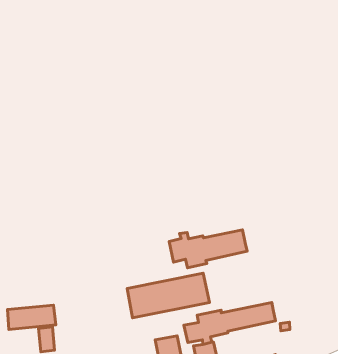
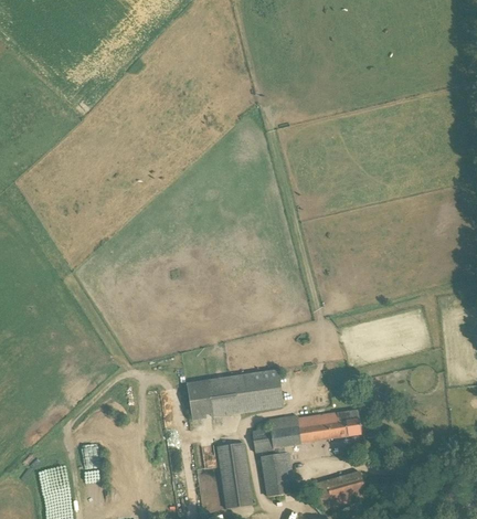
building: [169,230,247,268] -> none
building: [8,305,56,329] -> none

